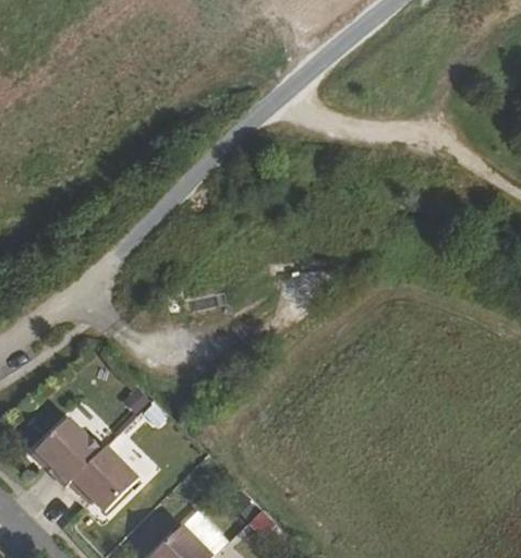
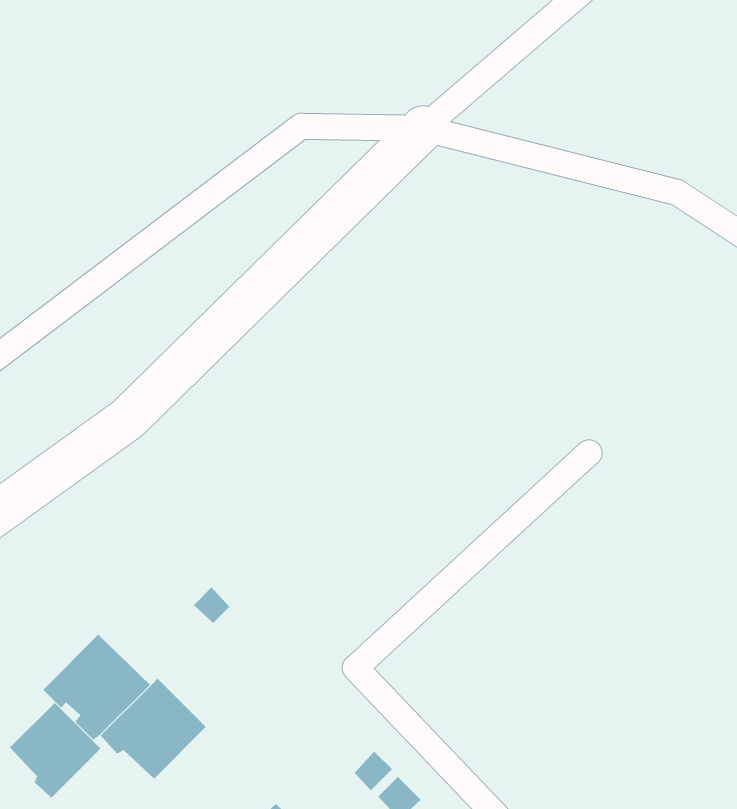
building: none -> [9,702,101,798]

